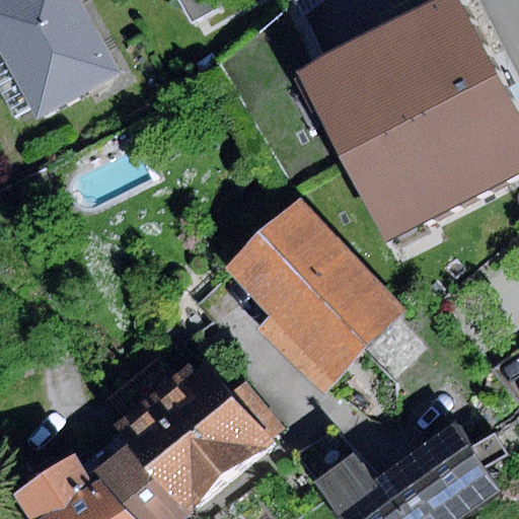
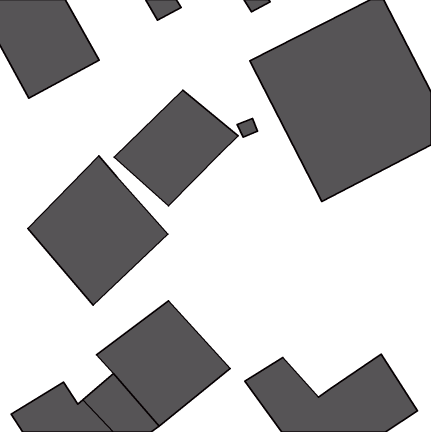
building: none -> [114,90,238,206]
building: none -> [28,156,168,305]
building: [225,197,411,396] -> none

